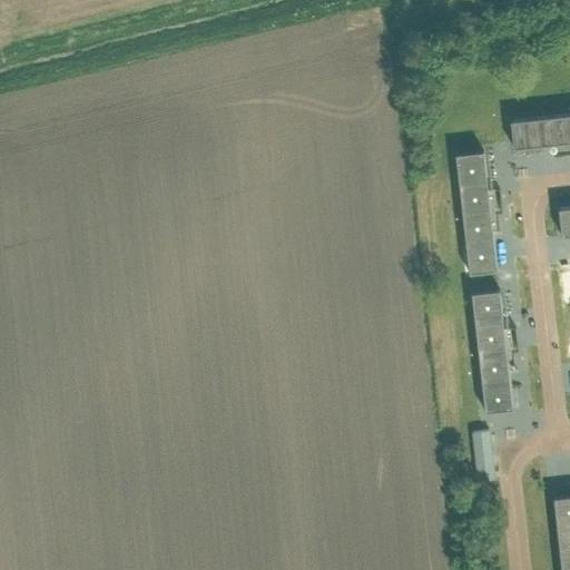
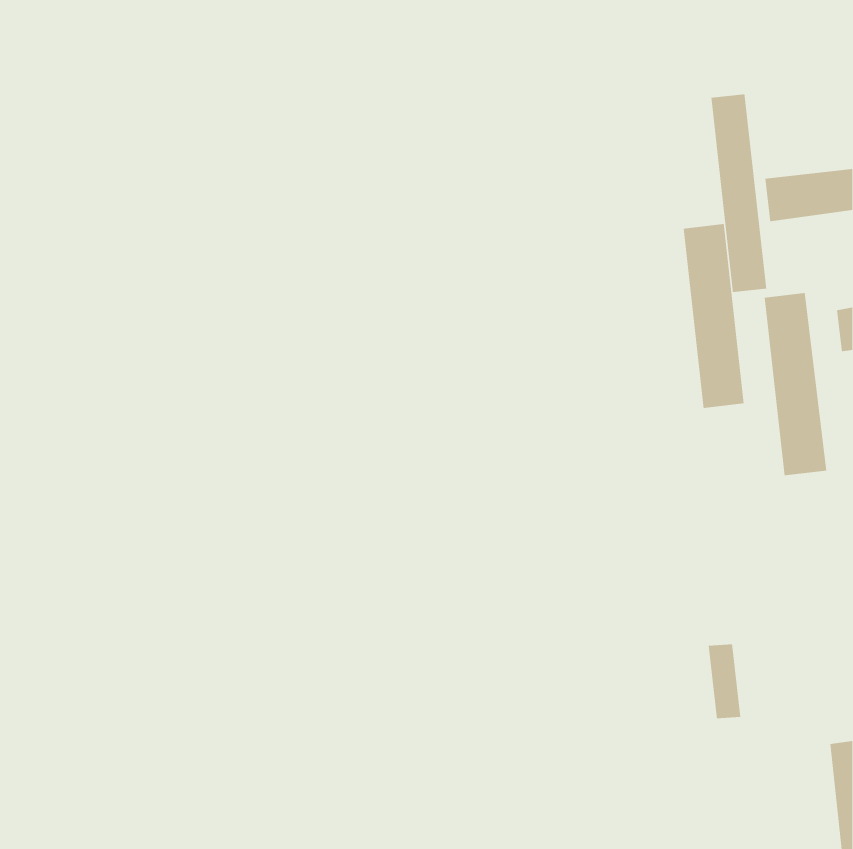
building: none -> [711,94,767,293]
building: [471,291,513,413] -> [764,292,827,476]

